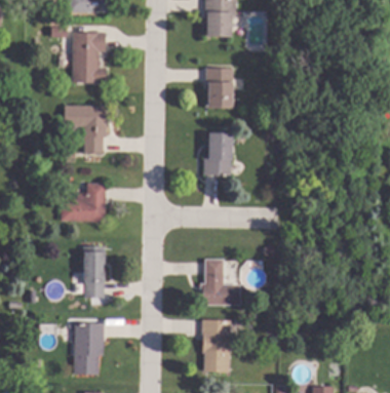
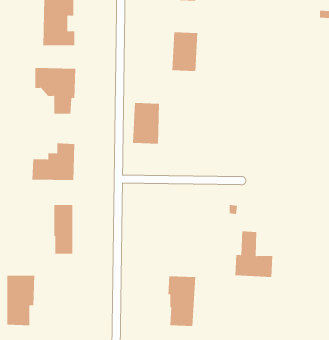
building: [203,132,232,175] -> [132,103,160,144]
building: [199,259,239,307] -> [235,231,273,277]
building: [74,323,104,376] -> [6,275,35,326]

